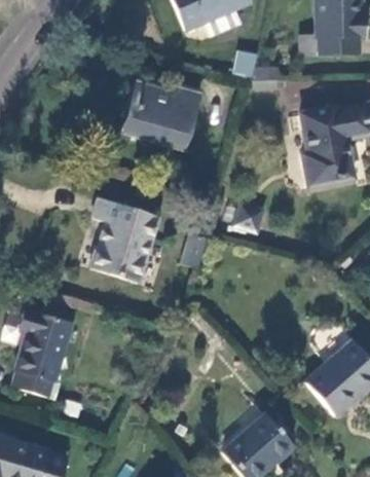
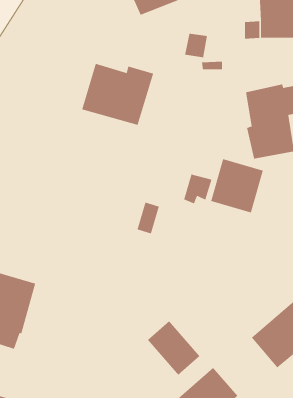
building: none -> [210,158,264,213]
building: [91,198,159,282] -> none
building: none -> [147,320,201,376]

